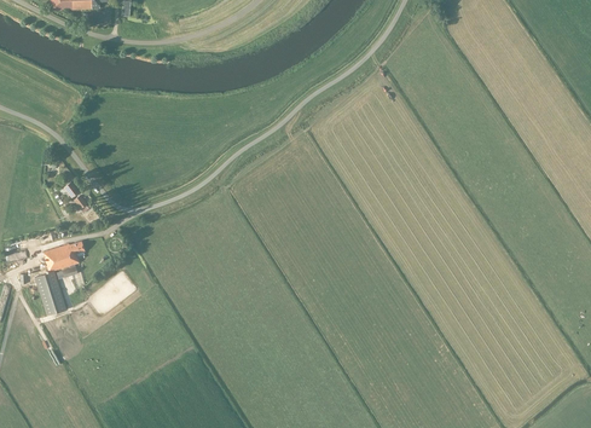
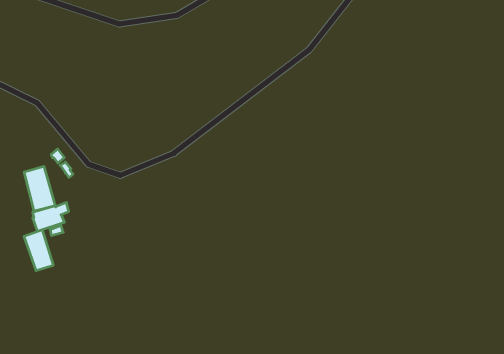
building: none -> [24,166,55,211]

